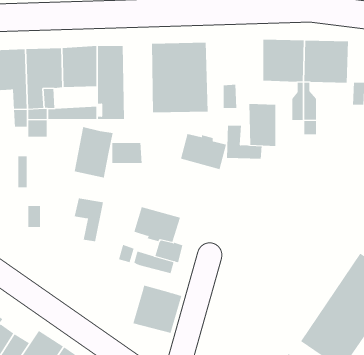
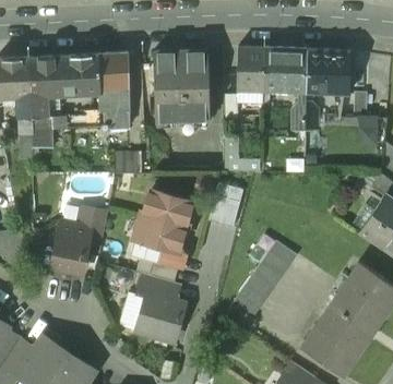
building: [249,103,276,146] -> [237,48,264,91]
building: [74,126,113,178] -> [51,220,91,272]
building: [180,133,227,170] -> [144,190,190,226]
building: none -> [233,241,296,319]
building: none -> [134,273,178,300]

